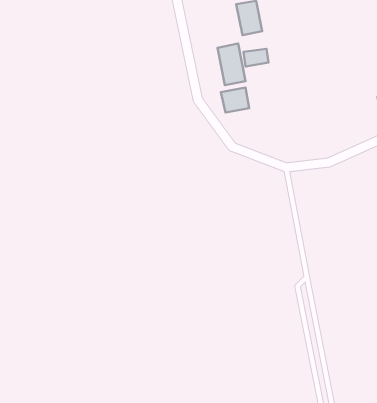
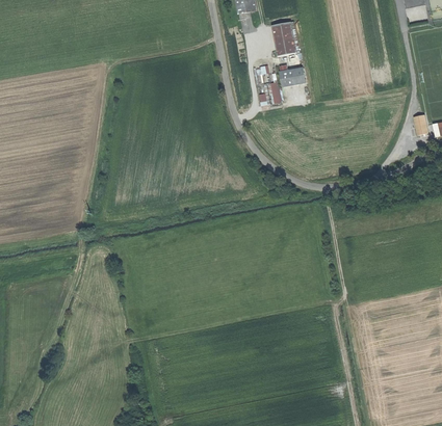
building: [221,87,249,113] -> none

